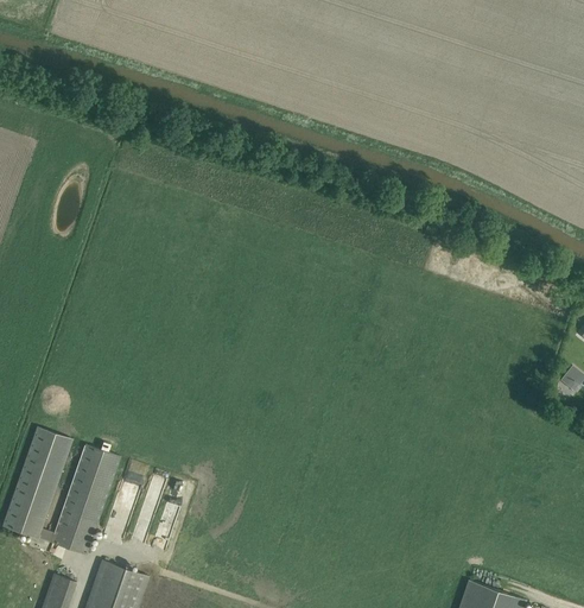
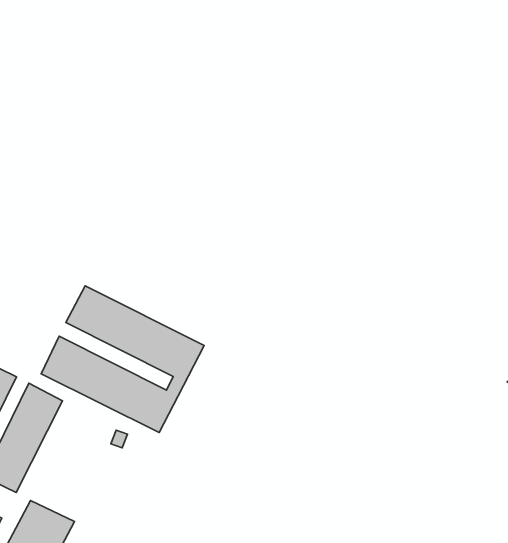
building: none -> [41,286,204,432]

